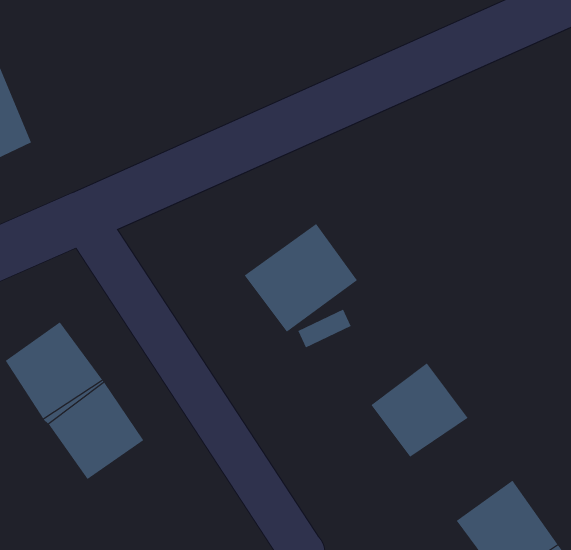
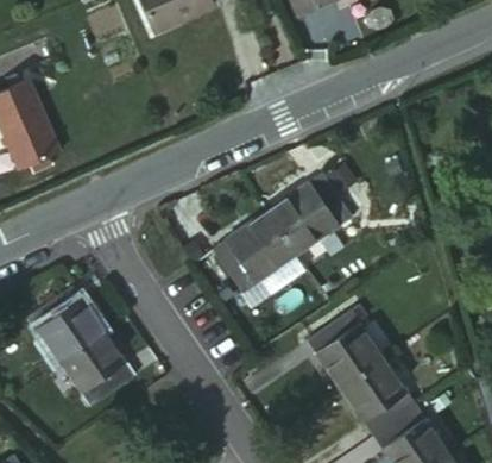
building: none -> [267,171,352,254]
building: none -> [338,357,415,434]

